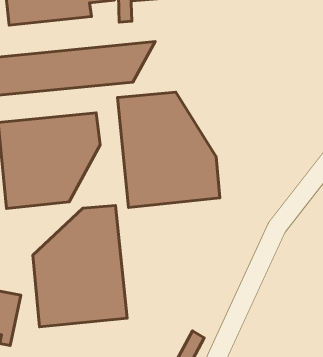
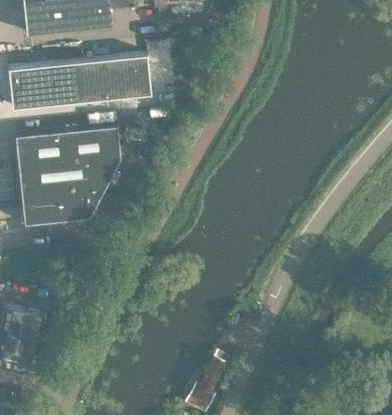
building: [117,92,220,207] -> none
building: [33,206,127,327] -> none

